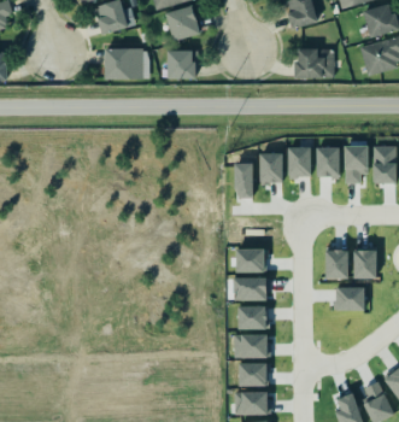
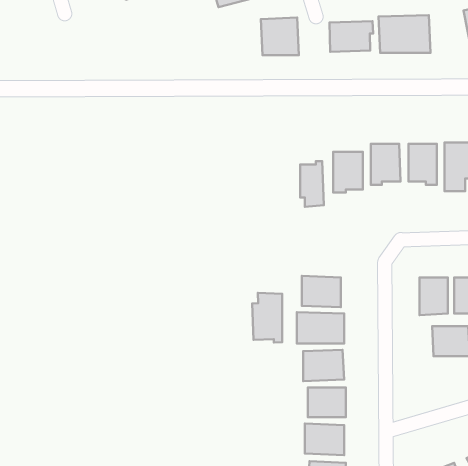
building: [105,47,143,78] -> none
building: [168,49,196,78] -> [261,18,299,55]
building: none -> [329,21,373,52]
building: none -> [252,293,282,343]

